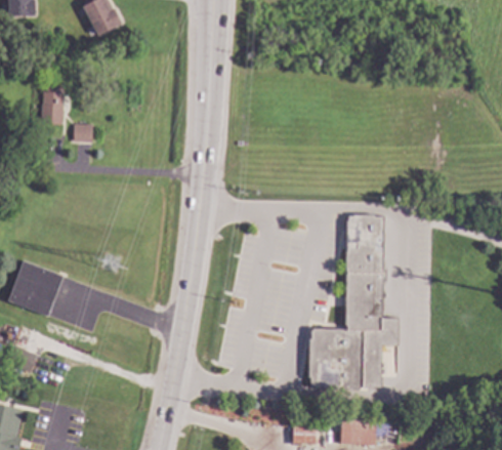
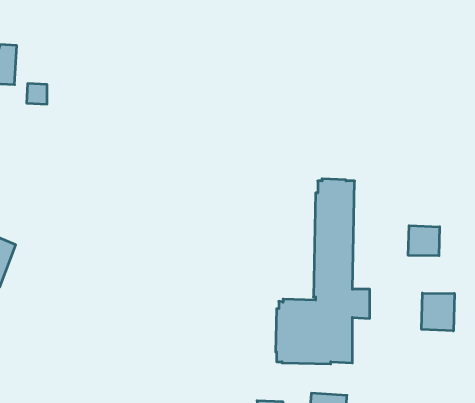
building: none -> [408,226,440,256]
building: none -> [422,293,454,331]

